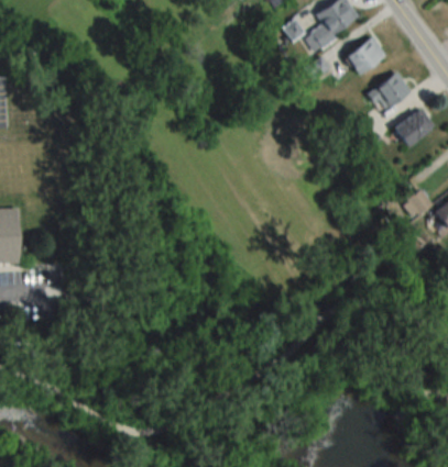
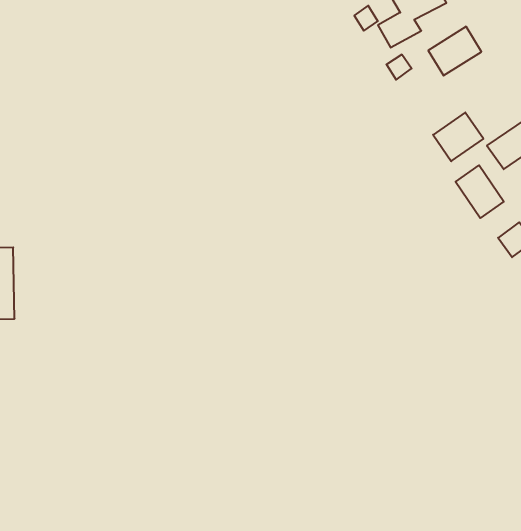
building: [372,71,412,110] -> [433,112,483,161]
building: none -> [456,165,504,218]

